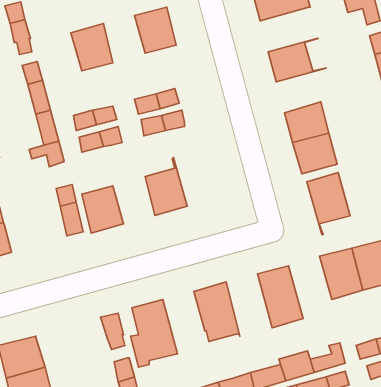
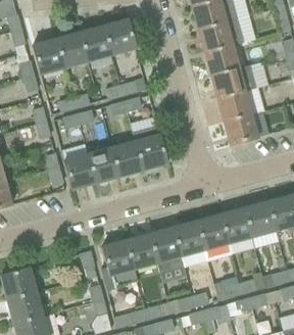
building: none -> [199,19,242,53]
building: none -> [81,26,112,61]
building: none -> [33,39,64,75]
building: none -> [211,65,255,99]
building: none -> [134,127,167,170]
building: [307,172,350,235] -> [220,207,253,254]
building: none -> [88,147,119,183]
building: none -> [174,221,208,268]
building: none -> [126,234,157,281]

